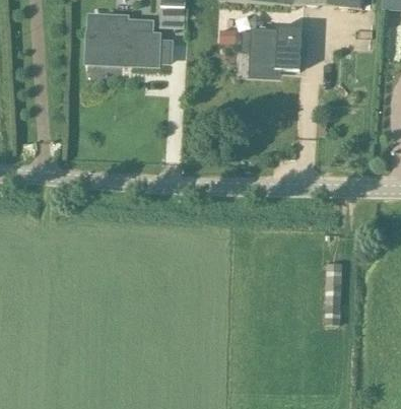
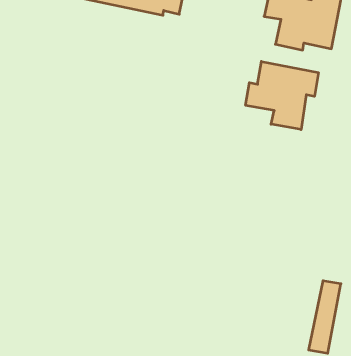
building: none -> [246,61,318,130]

